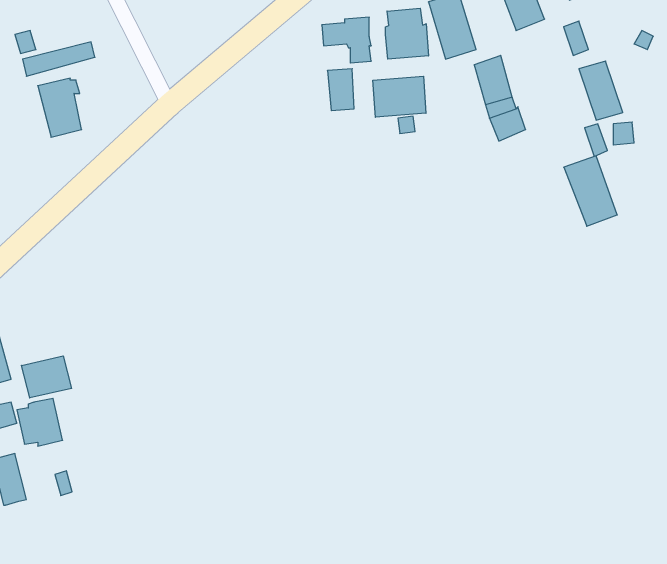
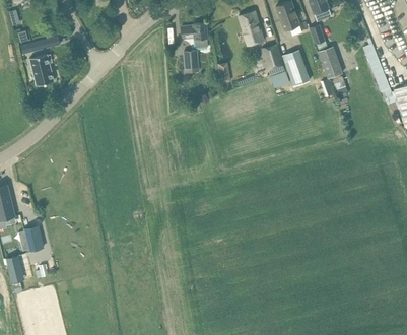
building: [385,8,428,59] -> none
building: [373,76,426,117] -> none
building: [564,156,617,226] -> [281,49,310,86]
building: [21,356,72,398] -> none

